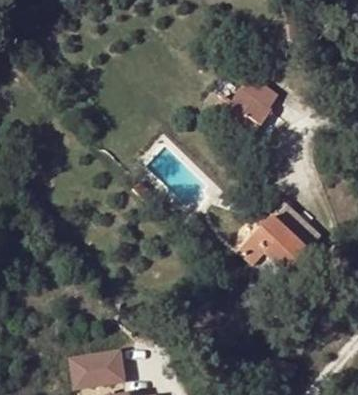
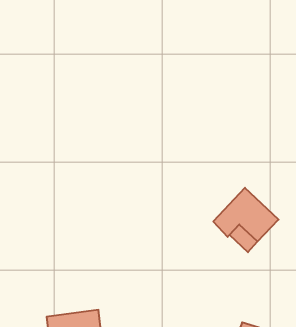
building: [217,88,273,136] -> none

